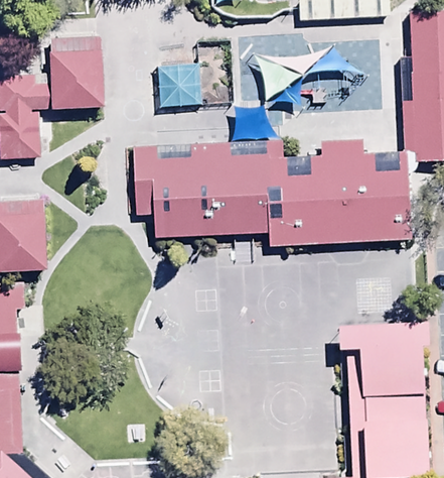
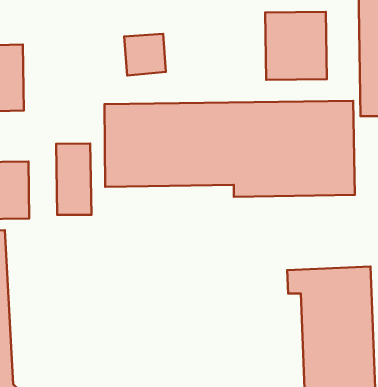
building: none -> [265,12,327,80]
building: [44,48,104,109] -> none
building: none -> [56,144,91,215]

